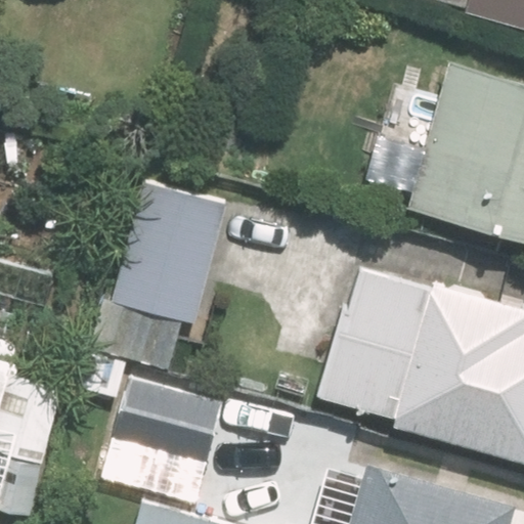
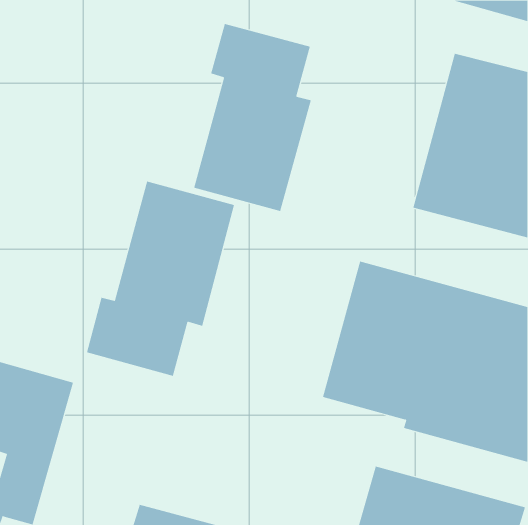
building: none -> [194,23,311,212]
building: [99,377,229,508] -> none

